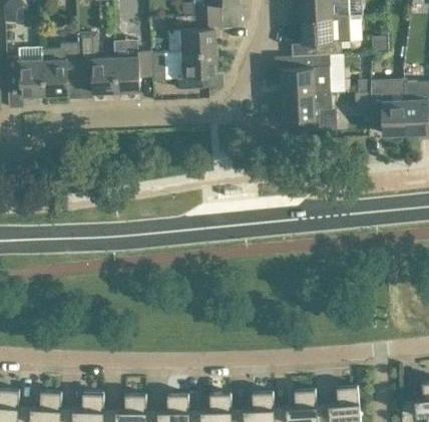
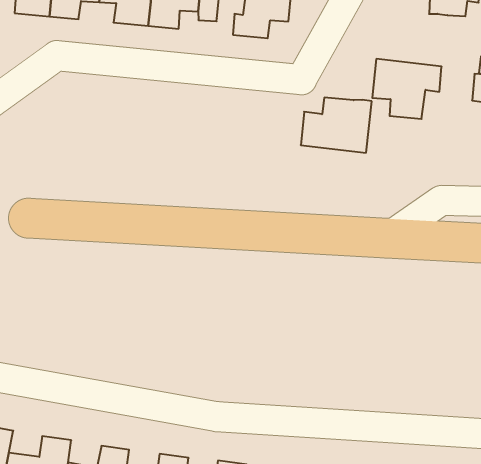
building: [282,53,330,91] -> [301,98,372,153]

